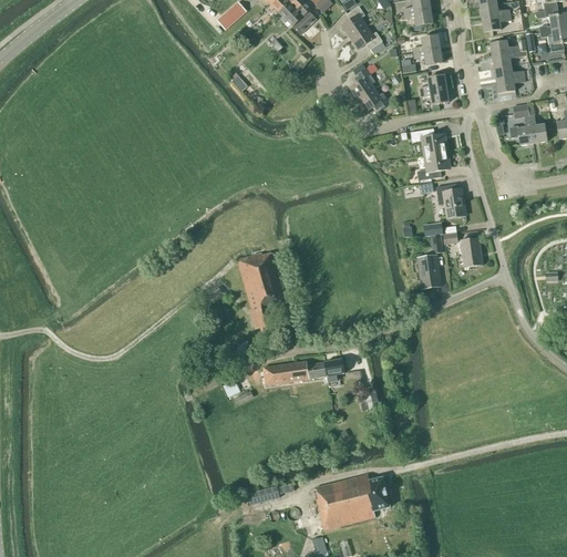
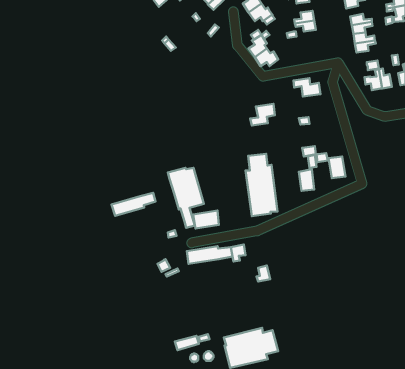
building: [419,74,449,104] -> none
building: [416,151,451,180] -> [250,104,275,126]
building: [435,184,466,216] -> none
building: none -> [246,154,277,216]
building: none -> [112,193,156,216]
building: none -> [193,210,219,228]

